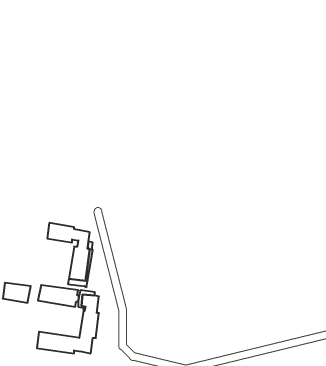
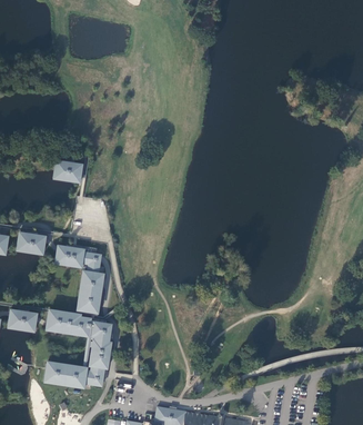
building: none -> [52,160,81,181]
building: none -> [16,231,44,253]

